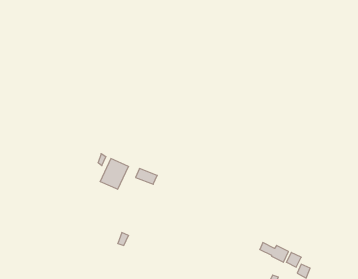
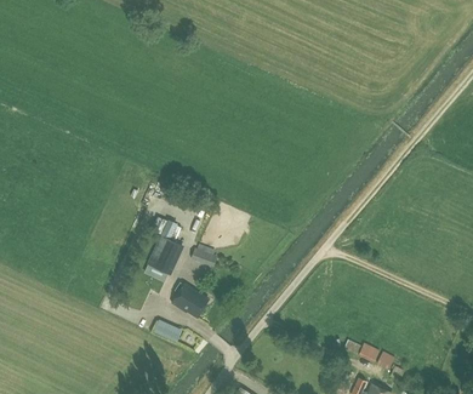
building: none -> [173,284,210,316]

